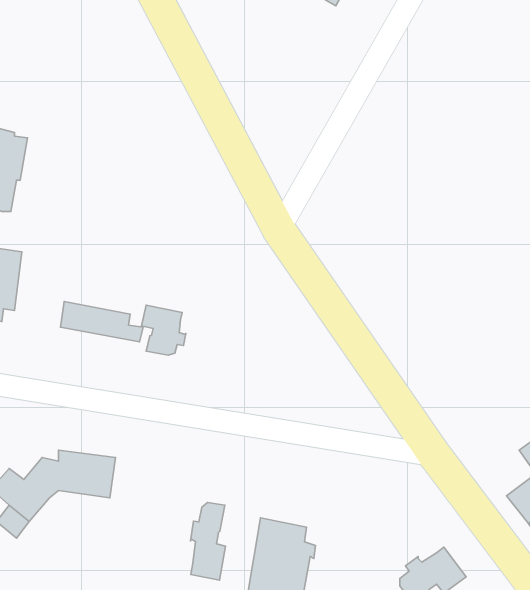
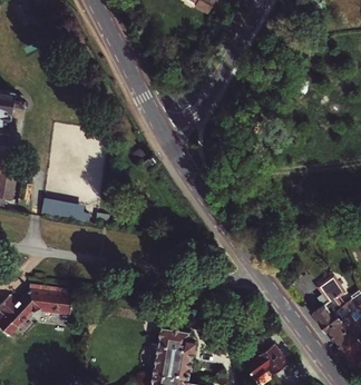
building: [142,305,186,355] -> none
building: [190,503,226,580] -> none

